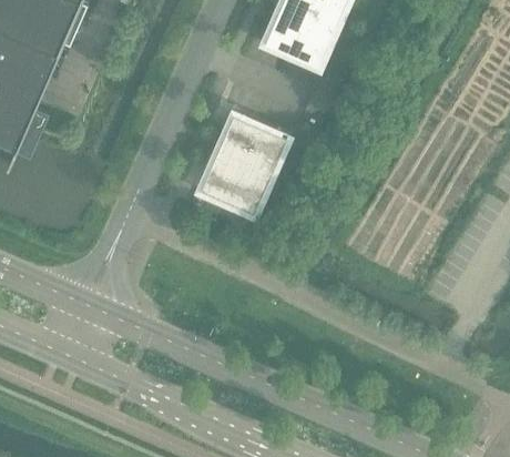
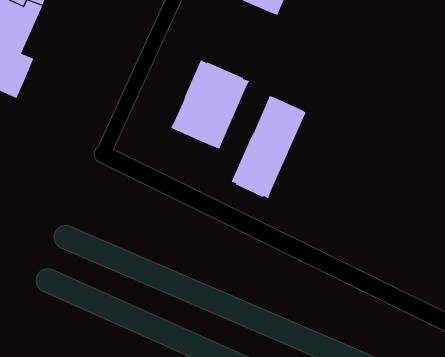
building: none -> [231,95,306,199]

